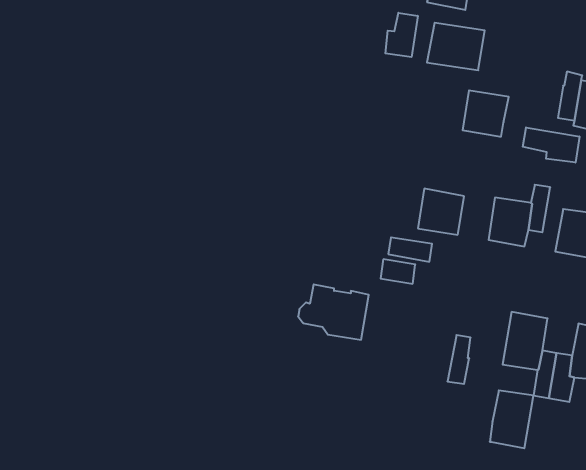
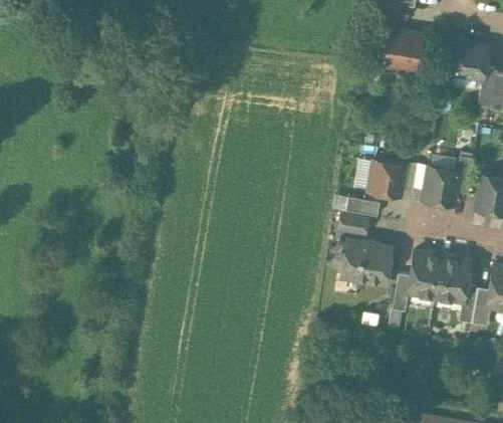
building: [385,13,418,57] -> none
building: [463,90,509,137] -> [453,42,489,78]
building: [523,127,579,163] -> none
building: [298,284,369,340] -> [335,239,391,282]
building: [490,390,533,448] -> [408,251,442,296]

